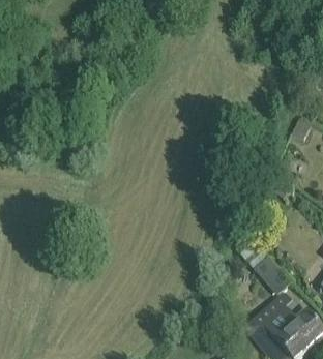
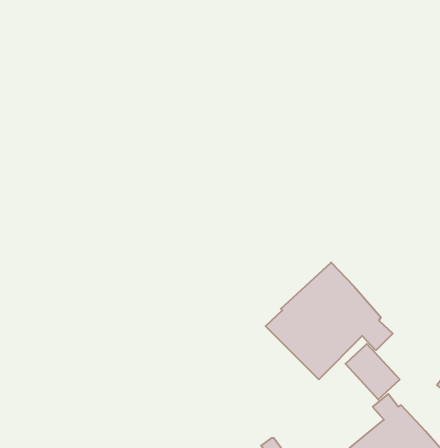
building: none -> [266,262,393,379]

